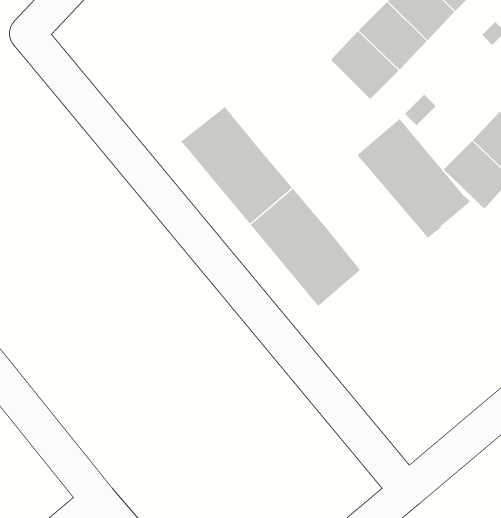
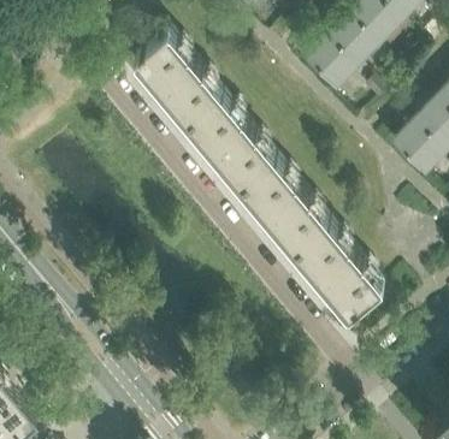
building: none -> [129,35,217,126]
building: [357,118,471,239] -> [289,226,378,320]

